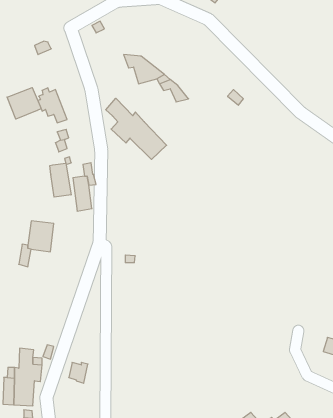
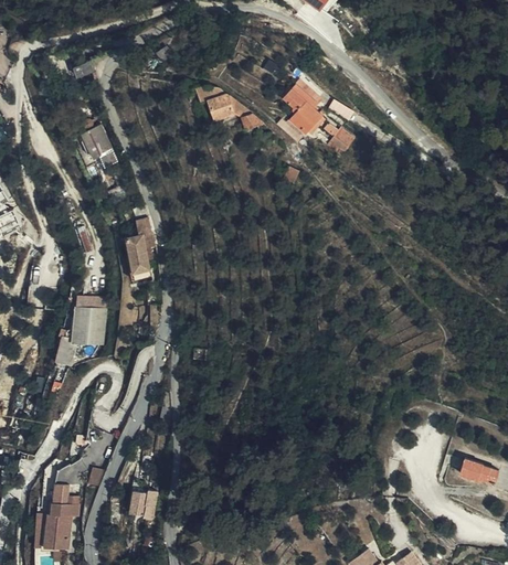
building: none -> [281,81,319,132]
building: [7,88,41,119] -> none
building: [106,98,167,159] -> none
building: [50,163,71,197] -> none

